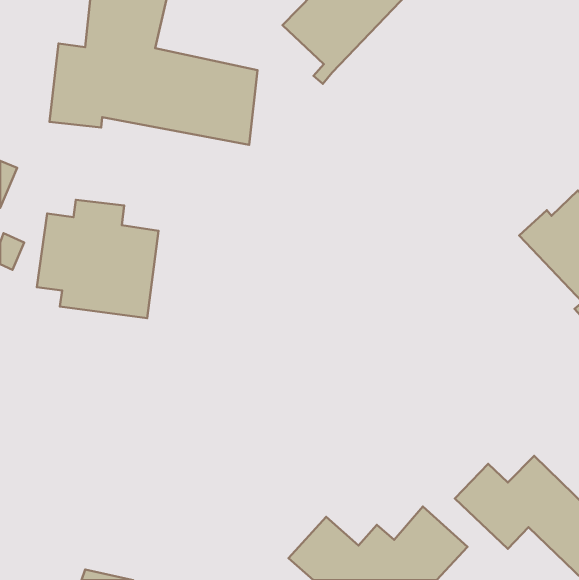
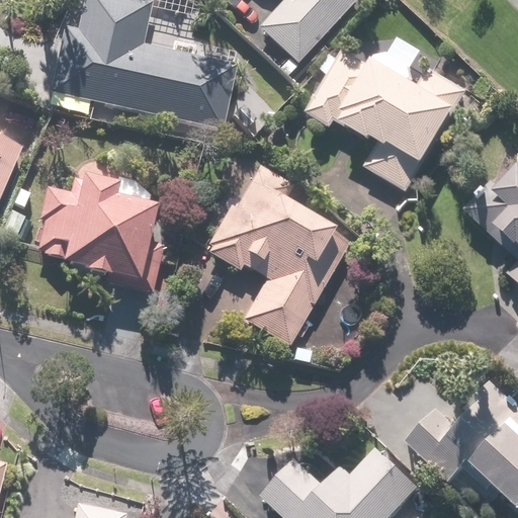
building: none -> [309,52,467,191]
building: none -> [209,163,351,342]

